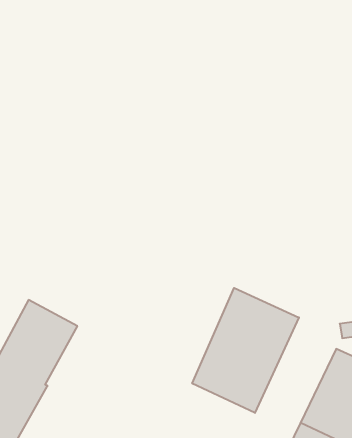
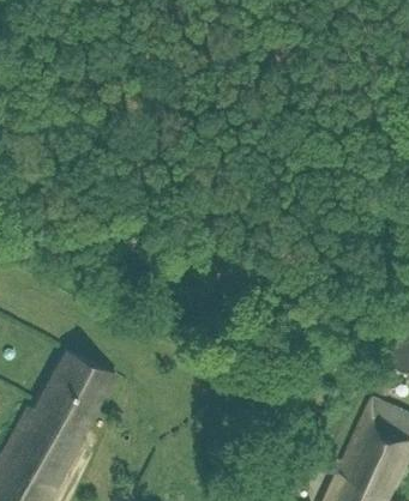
building: [192,288,299,413] -> none

